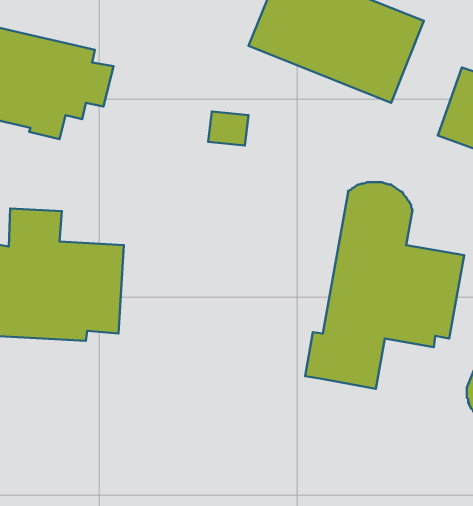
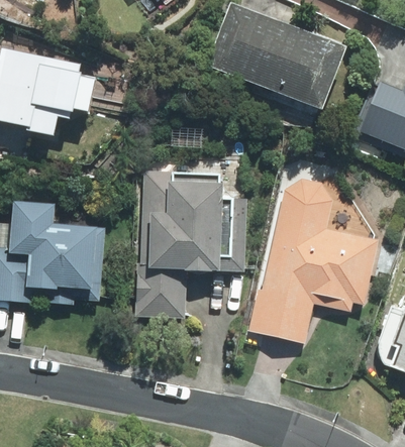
building: none -> [135,171,247,317]

